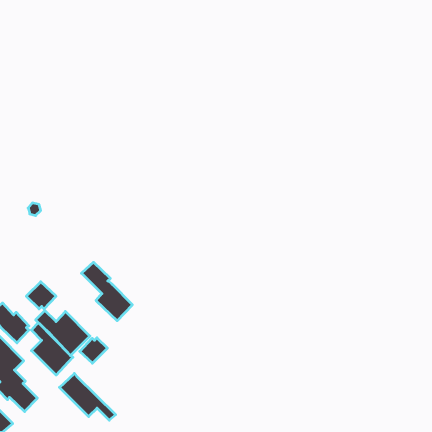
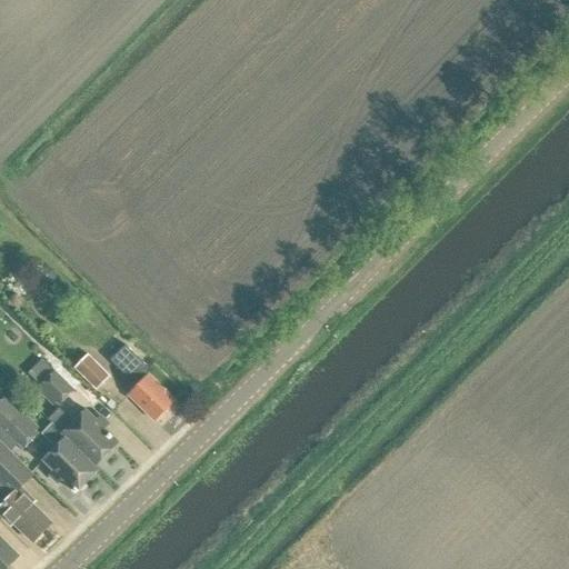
building: none -> [72,352,109,388]
building: [80,338,107,363] -> none
building: [59,373,116,420] -> none

